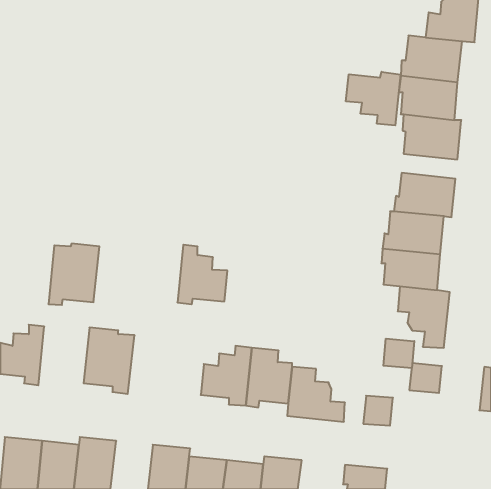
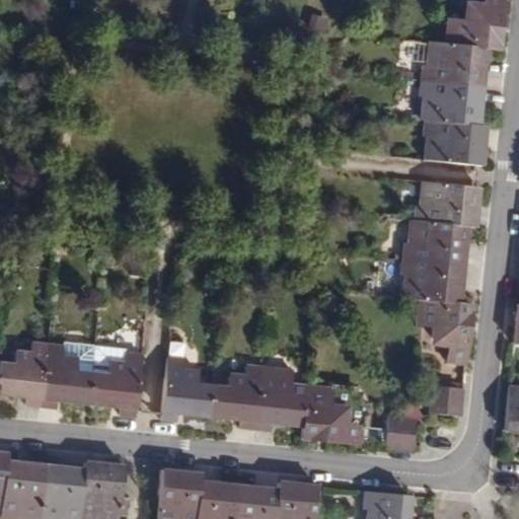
building: [346,72,401,125] -> none
building: [48,244,99,305] -> [41,343,94,407]
building: [177,245,227,304] -> [162,357,215,420]
building: [383,339,414,368] -> none

